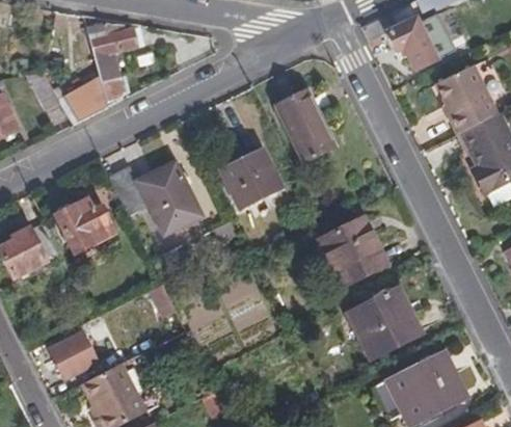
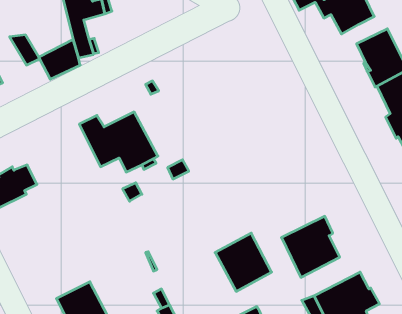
building: [277,91,332,161] -> none
building: [220,148,279,208] -> none
building: [56,199,112,252] -> none
building: [320,216,386,285] -> [215,233,272,291]
building: [50,331,98,378] -> none

